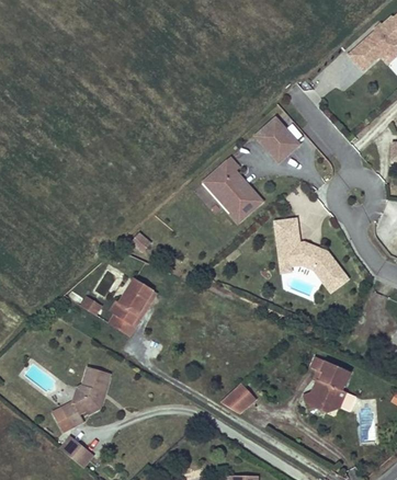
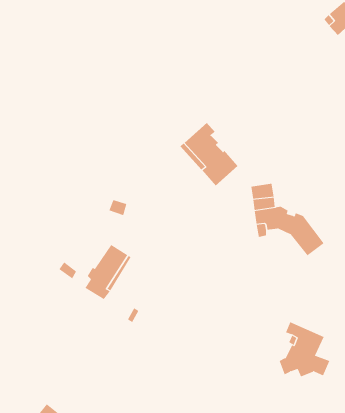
building: [254,117,299,162] -> none
building: [59,367,109,427] -> none
building: [219,385,252,414] -> none

